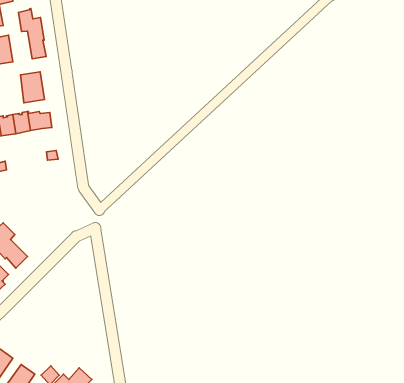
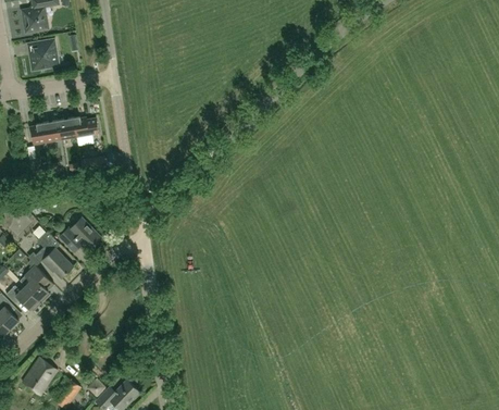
building: [18,9,46,59] -> none
building: [20,72,44,103] -> none
building: none -> [59,218,101,252]

